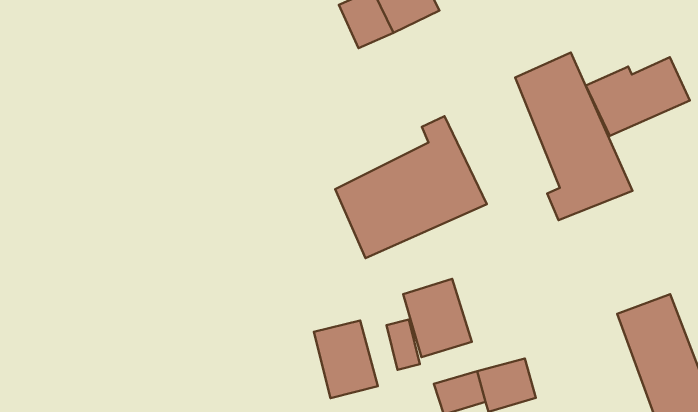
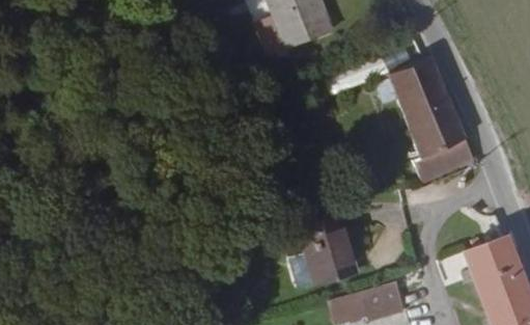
building: [586,57,690,136] -> none
building: [335,116,487,258] -> none
building: [314,320,378,398] -> none

